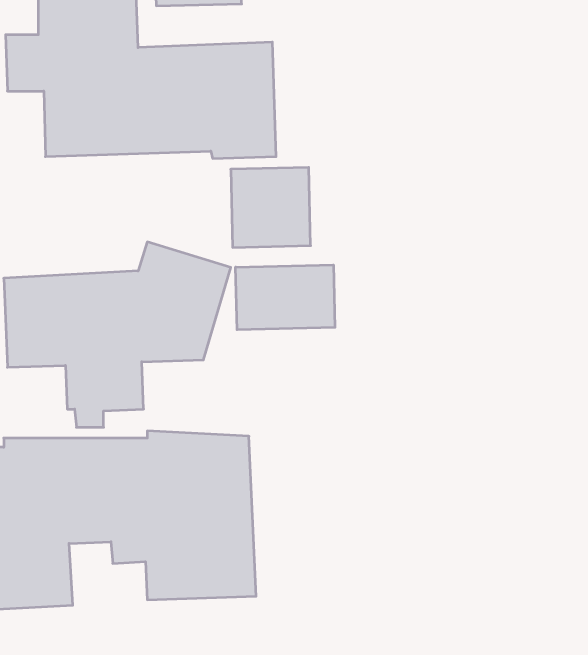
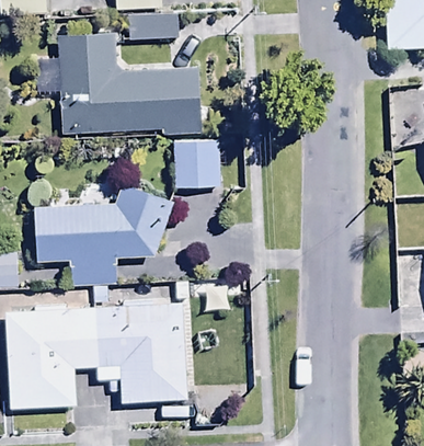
building: [236,265,335,330] -> none

